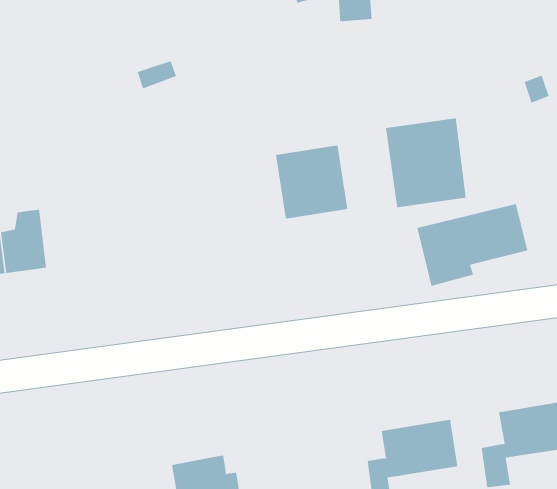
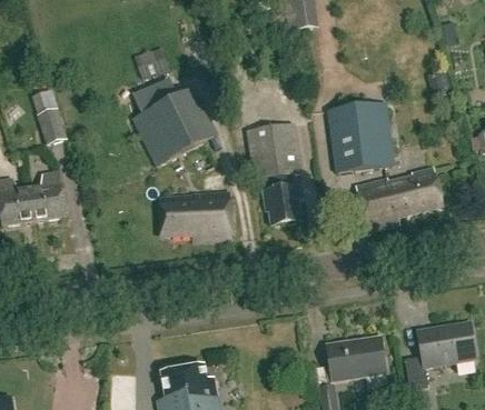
building: none -> [129,77,217,167]
building: none -> [37,108,67,144]
building: none -> [258,184,299,224]
building: none -> [158,192,229,241]

